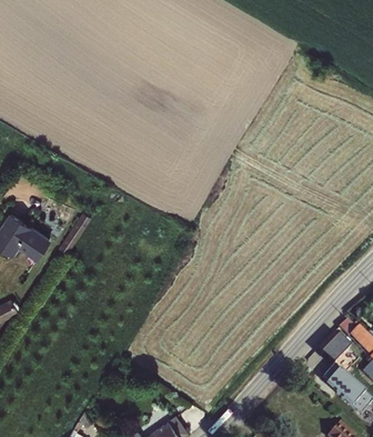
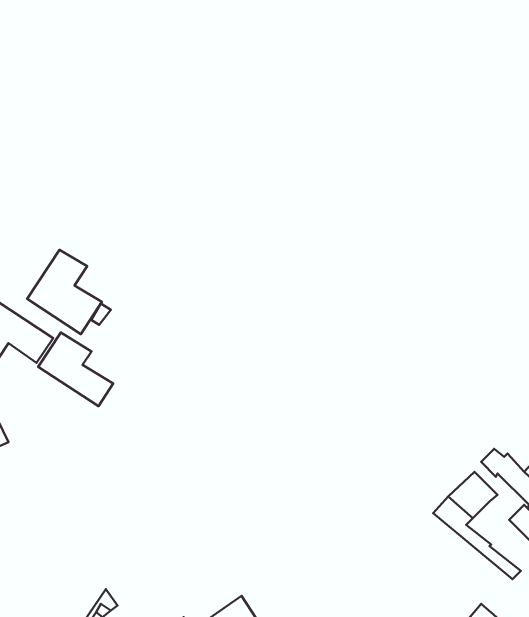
building: none -> [27,250,102,334]
building: none -> [38,333,113,406]

